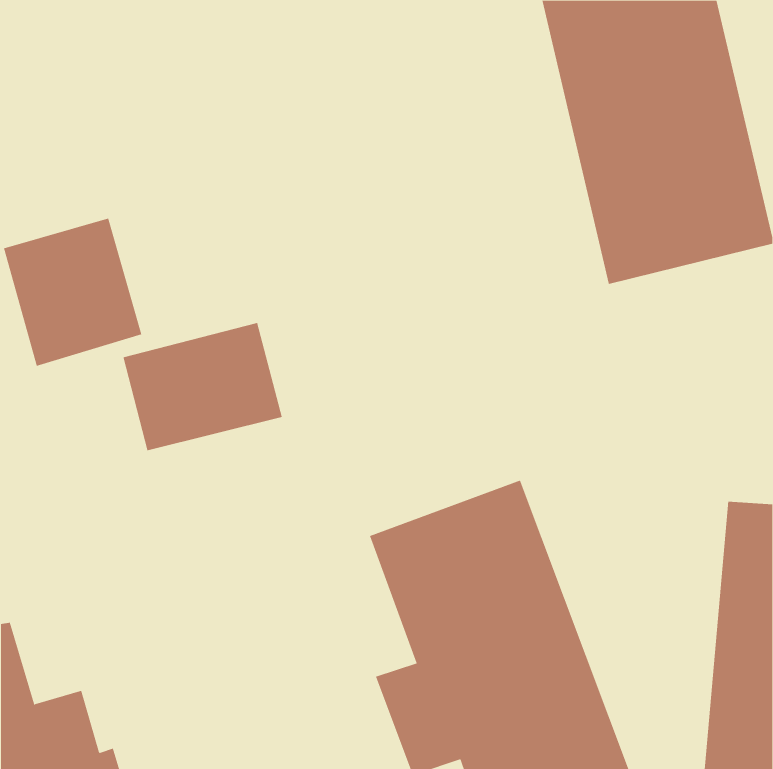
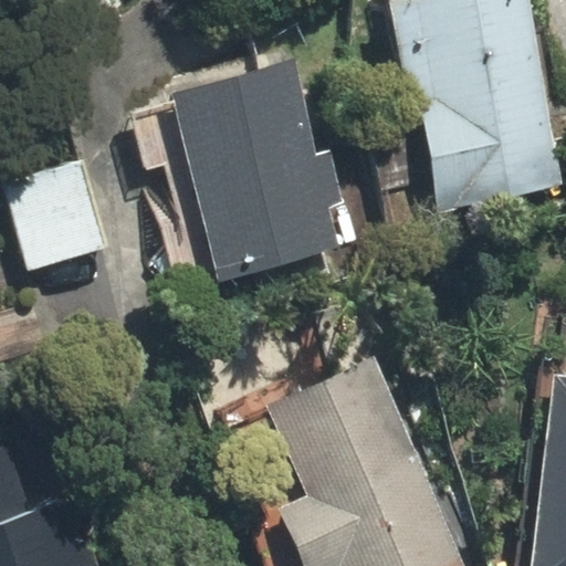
building: none -> [175,66,339,277]
building: [123,322,283,451] -> none

